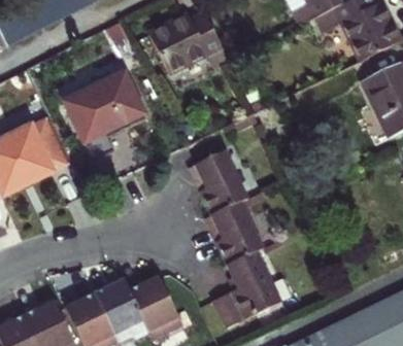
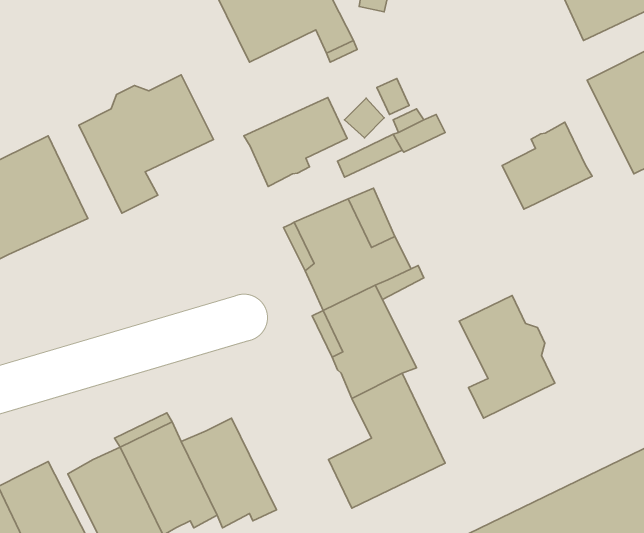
building: none -> [244,98,347,186]
building: none -> [502,122,592,209]
building: none -> [459,296,555,418]

